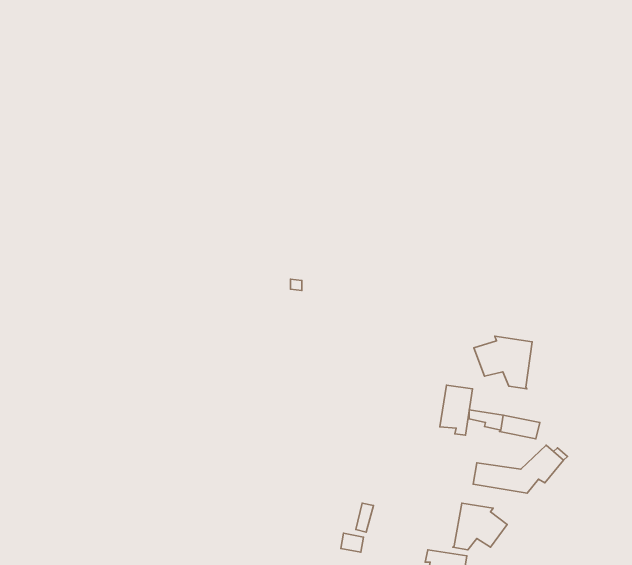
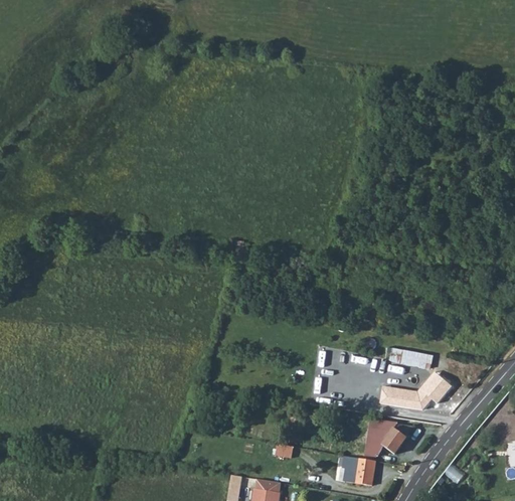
building: [474,336,532,389] -> none
building: [440,385,472,435] -> none

